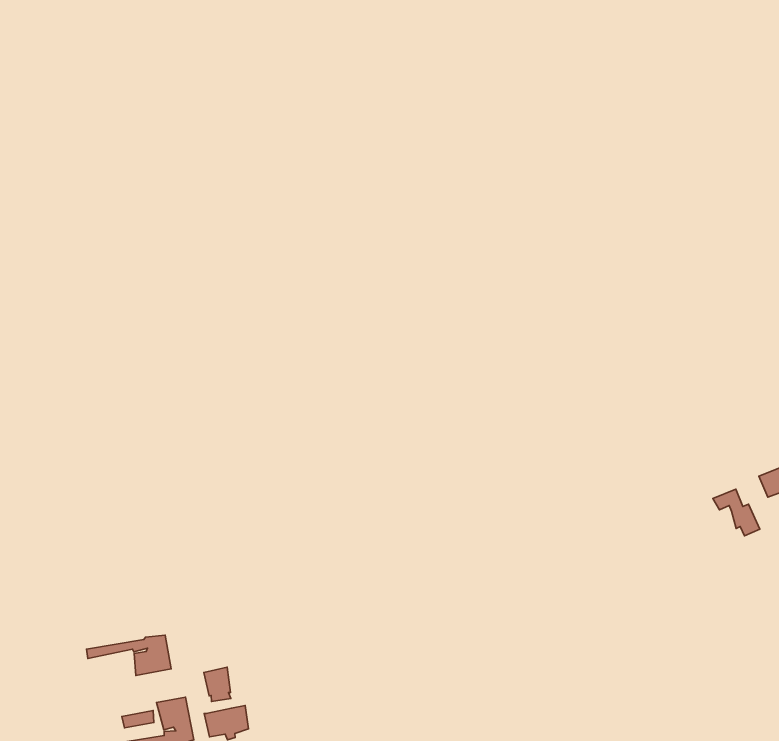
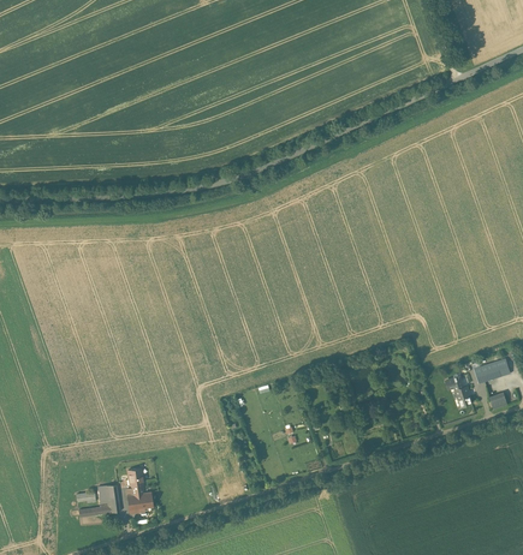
building: [87,635,171,676] -> none

